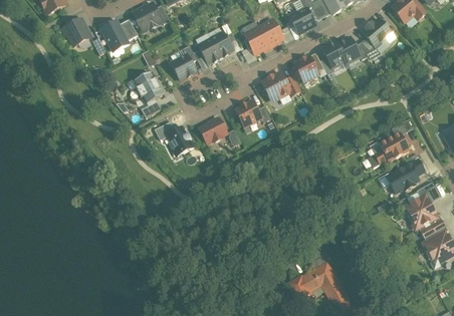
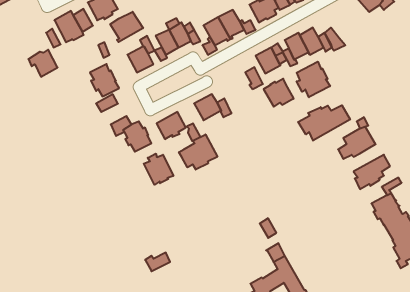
building: [363,18,390,46] -> none
building: [62,20,90,46] -> [28,50,58,77]
building: none -> [110,12,143,42]
building: none -> [297,62,330,97]
building: [261,71,290,98] -> [264,79,294,107]
building: none -> [298,105,350,141]
building: none -> [179,134,217,170]
building: none -> [144,154,173,185]

